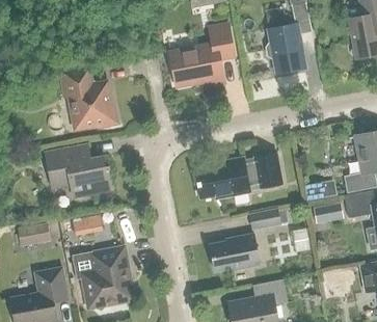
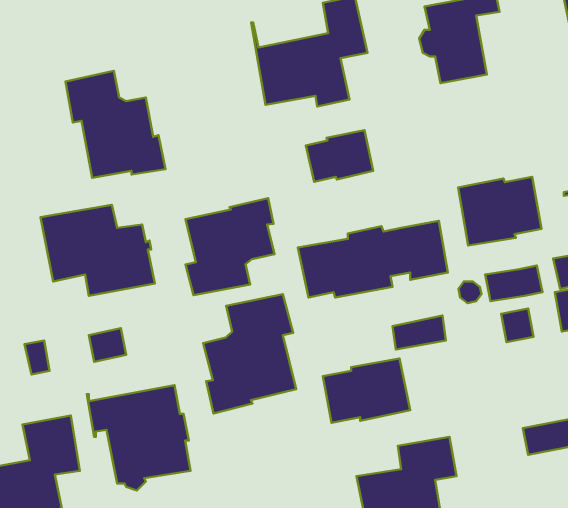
building: none -> [306,130,373,182]
building: none -> [458,177,542,246]
building: none -> [185,198,275,295]
building: none -> [203,294,296,414]

